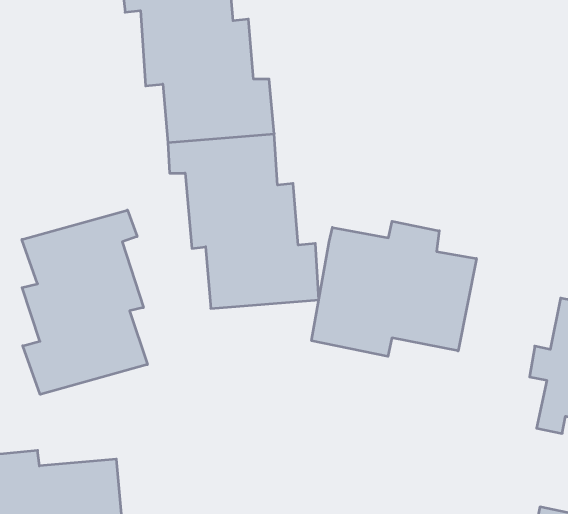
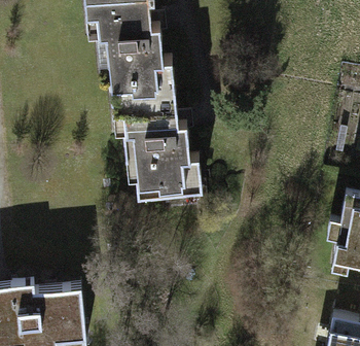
building: [22,210,147,394] -> none
building: [312,221,476,356] -> none

